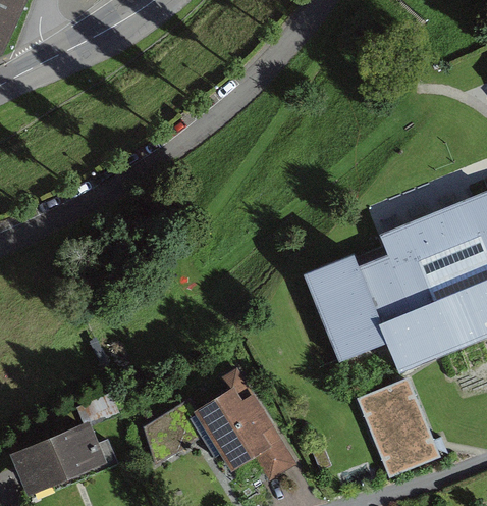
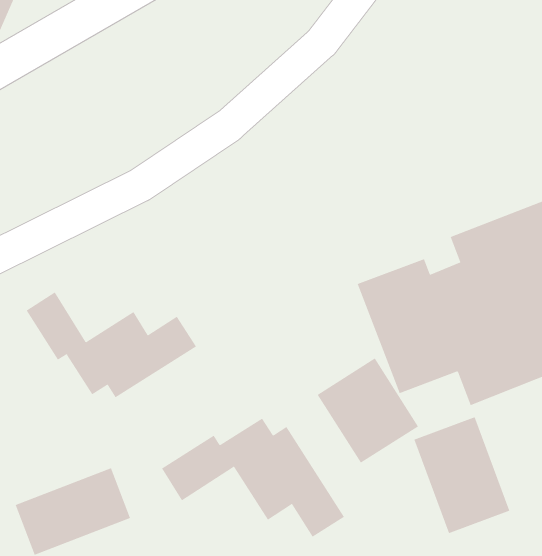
building: none -> [26,291,197,398]
building: none -> [317,358,419,464]

